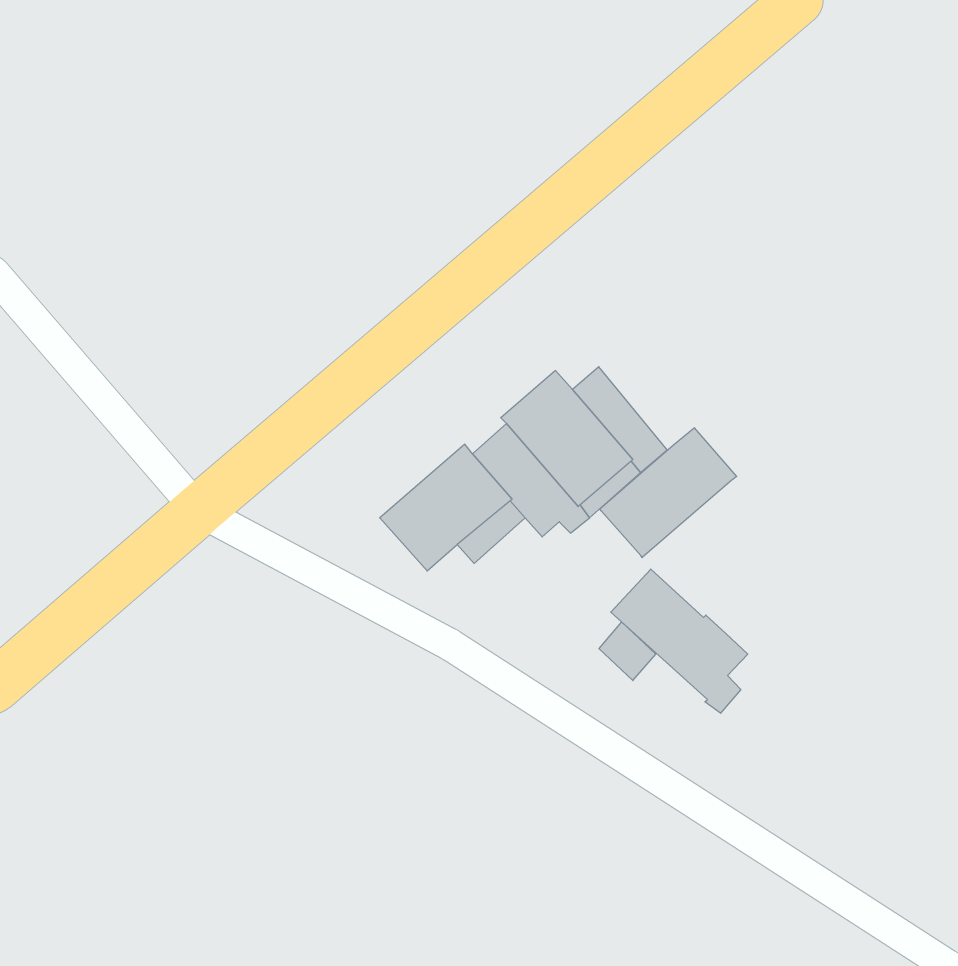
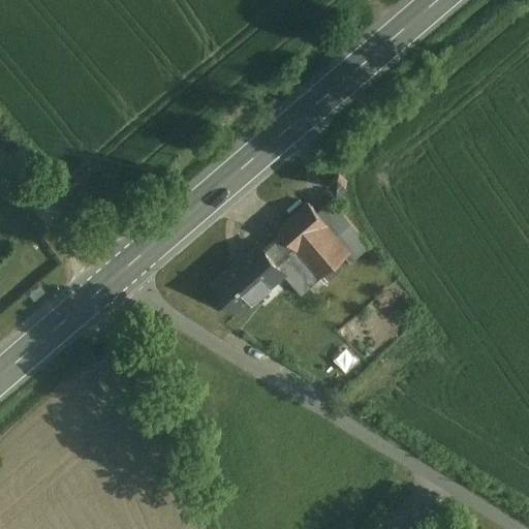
building: [600,428,737,558] -> none
building: [611,569,748,713] -> none

